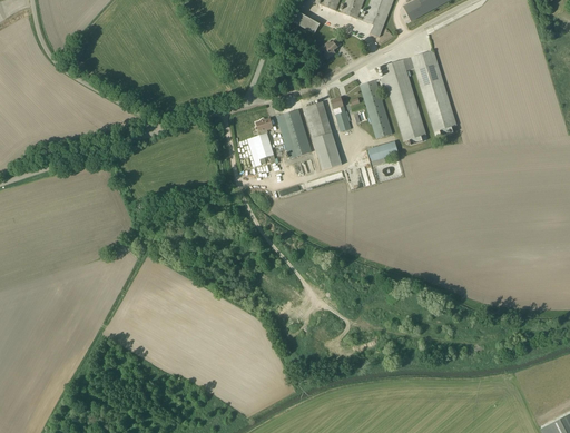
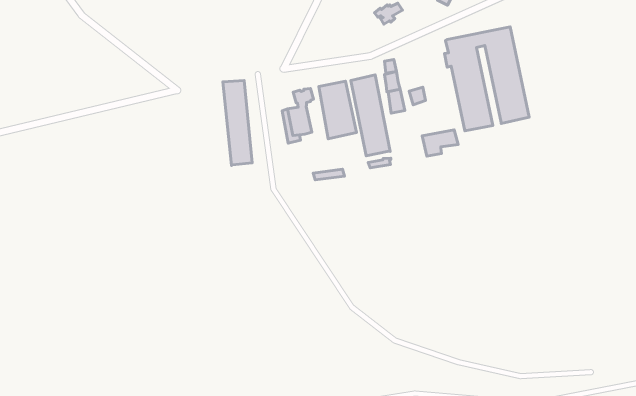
building: [360,79,392,137] -> none
building: none -> [223,81,252,165]

